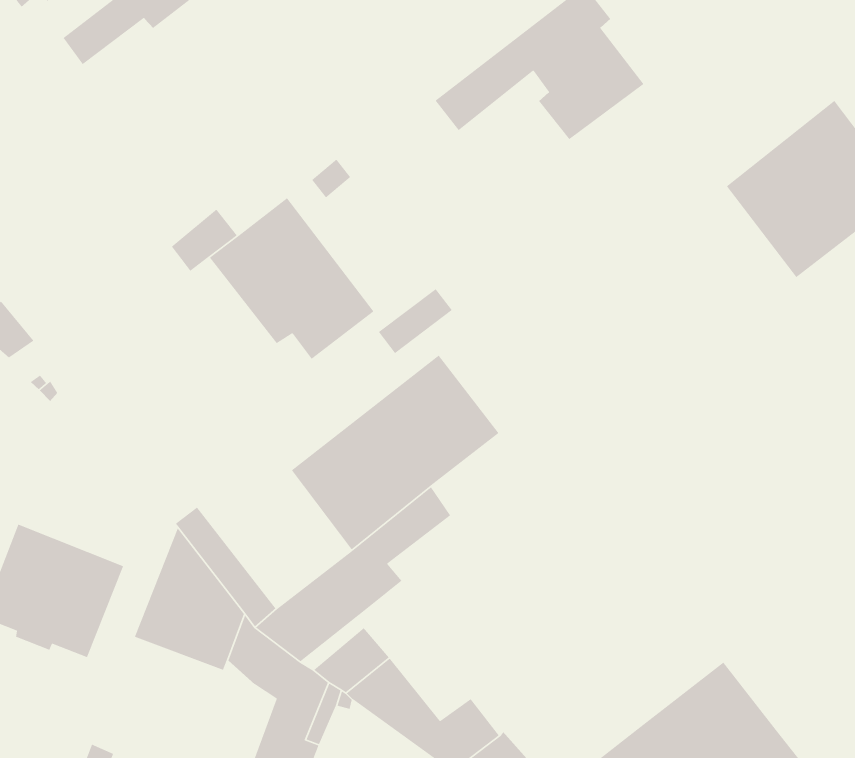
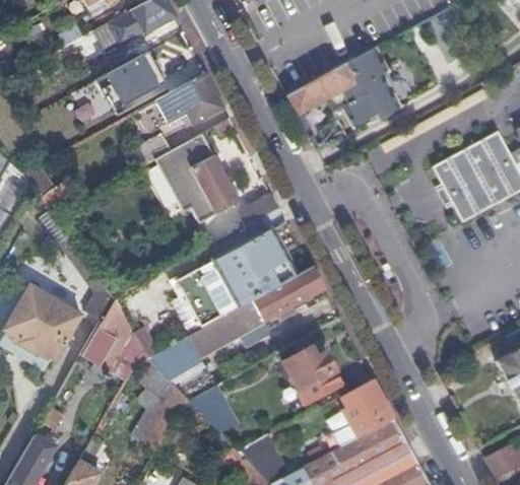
building: none -> [105,54,159,106]
building: none -> [156,74,224,126]
building: none -> [253,268,324,318]
building: none -> [283,343,341,405]
building: none -> [334,380,393,446]

